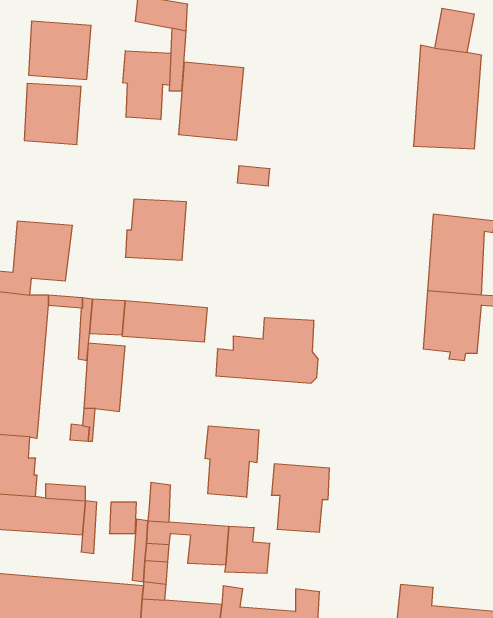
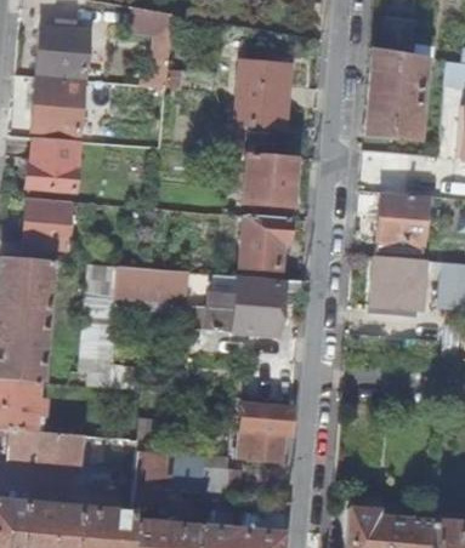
building: [123,51,171,120] -> none
building: [178,62,244,140] -> [237,62,293,129]
building: none -> [242,154,294,210]
building: [125,199,186,260] -> [27,139,79,192]
building: none -> [239,216,290,270]
building: [205,426,259,497] -> none

